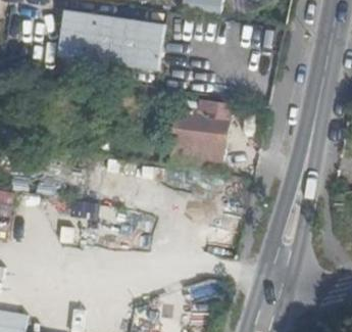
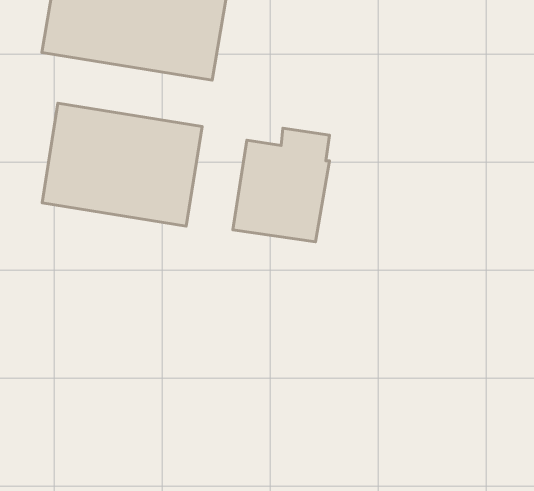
building: none -> [42,103,202,226]

